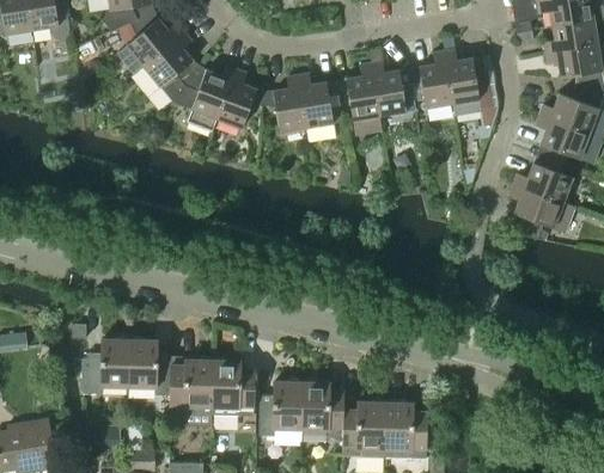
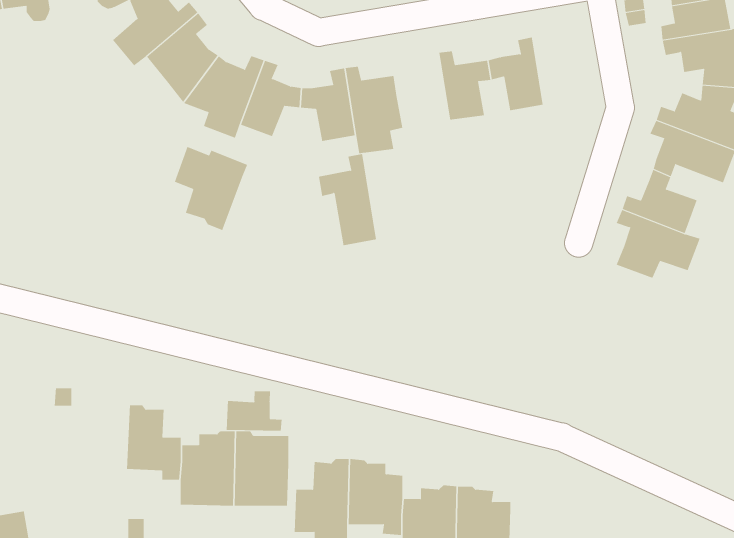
building: [444,50,484,119] -> none
building: [336,63,382,135] -> [318,153,377,246]
building: none -> [174,146,248,231]
building: none -> [226,391,282,431]
building: [81,337,130,394] -> none

